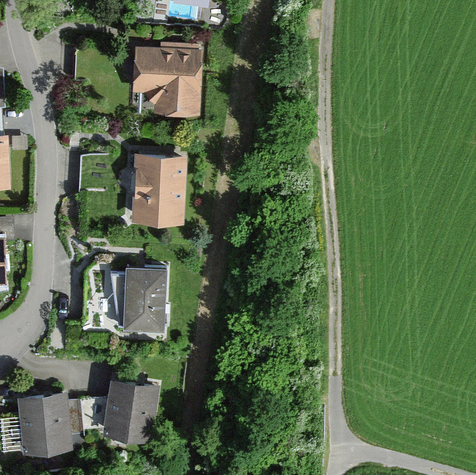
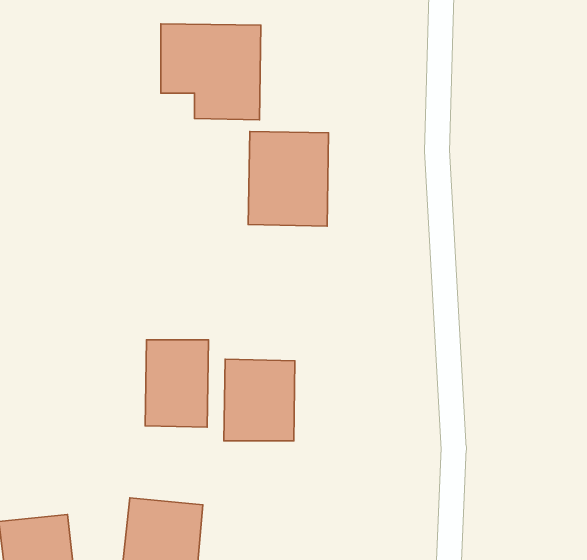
building: [130,156,187,223] -> [248,132,329,226]
building: none -> [224,359,295,441]

